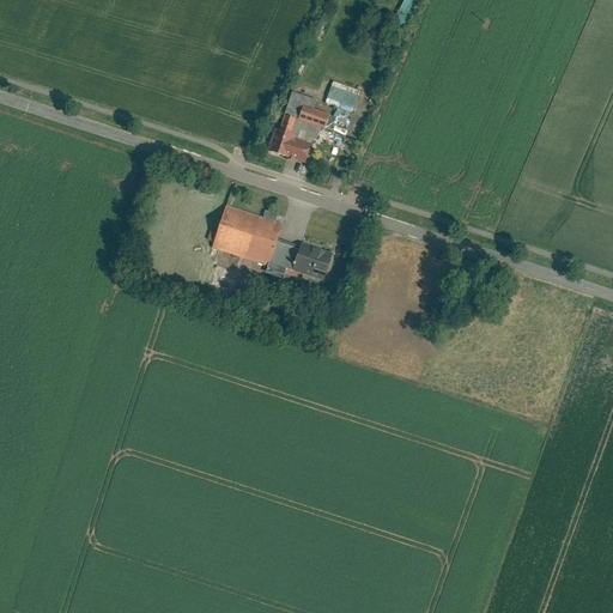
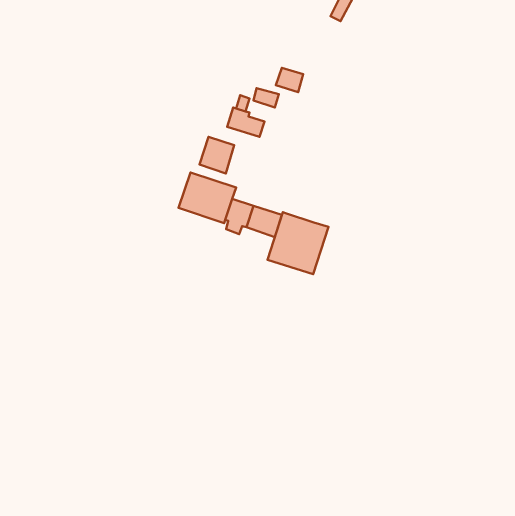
building: none -> [199,137,234,173]
building: none -> [268,212,329,274]

